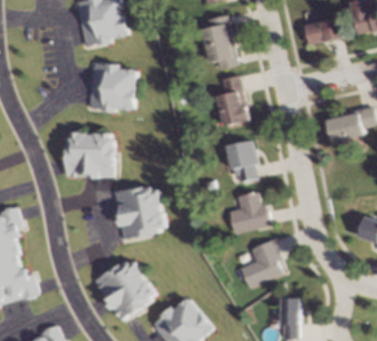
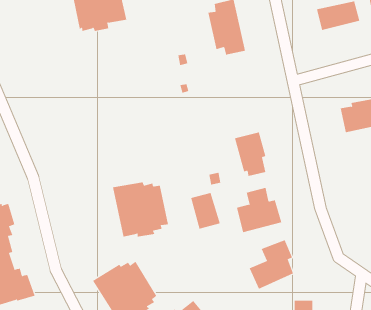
building: [87,62,135,113] -> none
building: [217,76,248,125] -> none
building: [66,134,112,177] -> none
building: none -> [190,192,221,230]

